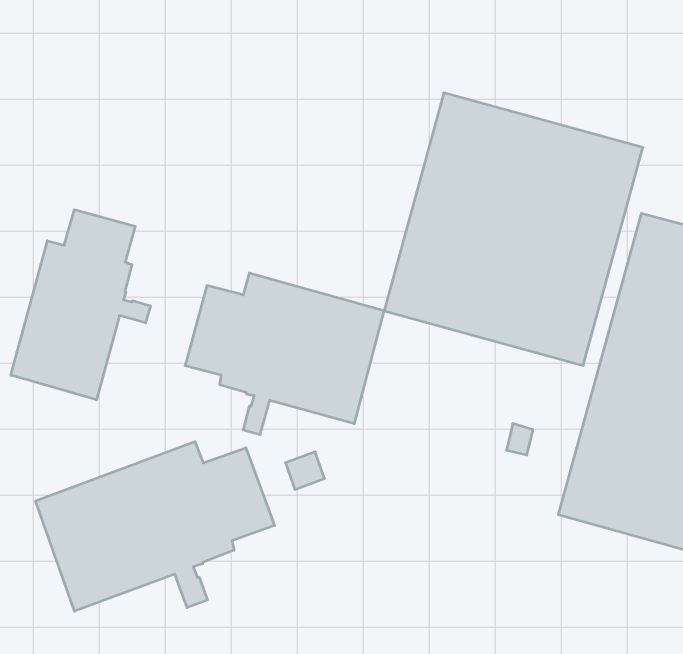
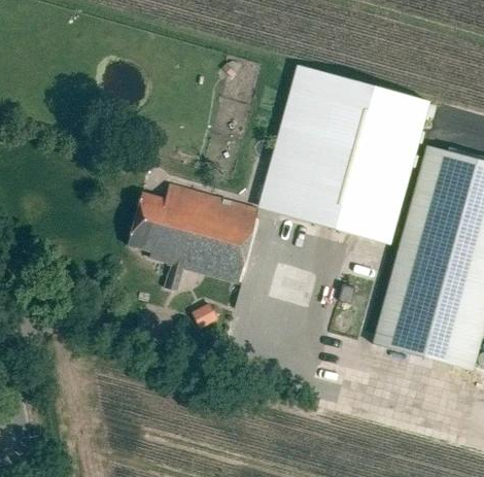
building: [11,210,150,400] -> none
building: [36,442,275,611] -> none

